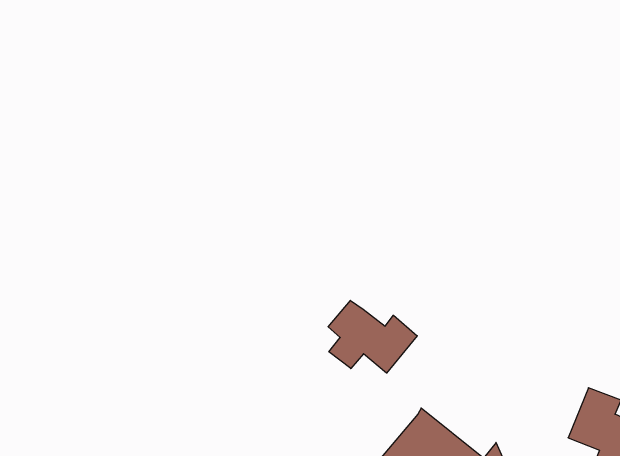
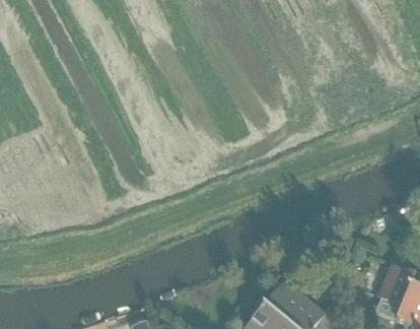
building: [328,300,417,373] -> none

